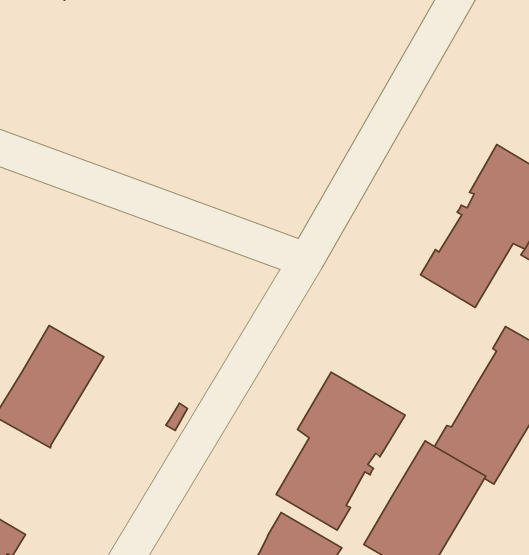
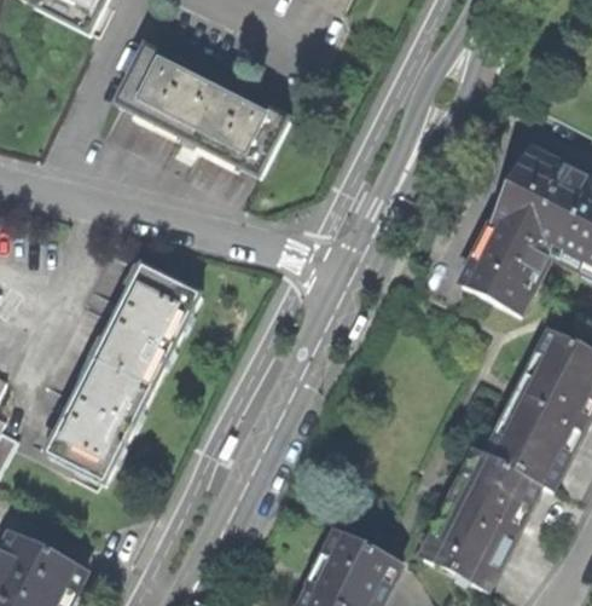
building: none -> [116,44,288,173]
building: none -> [94,262,199,386]
building: [276,372,405,530] -> none

